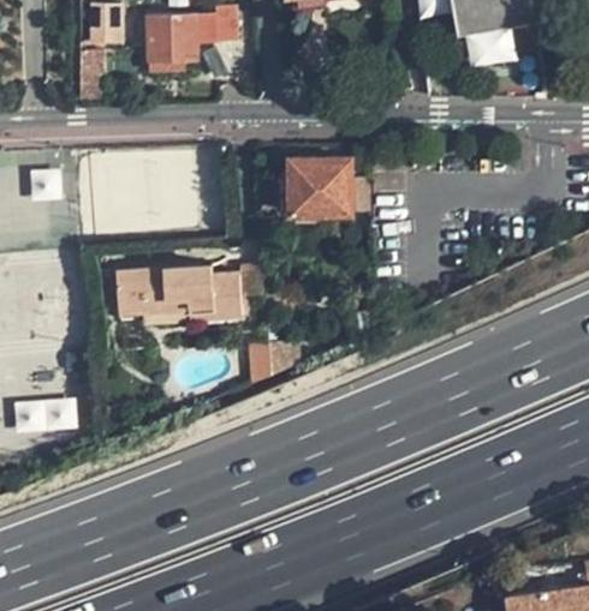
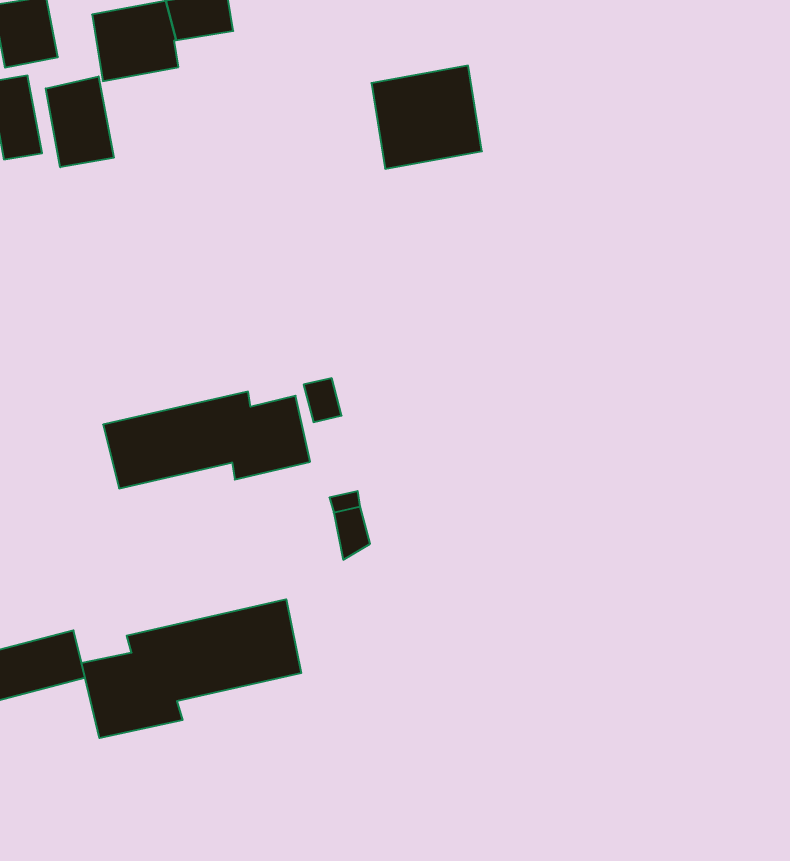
building: none -> [46,76,114,167]
building: [290,158,351,214] -> [371,66,482,169]
building: none -> [82,599,301,738]

